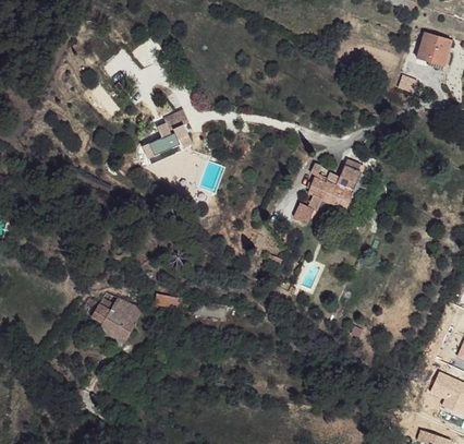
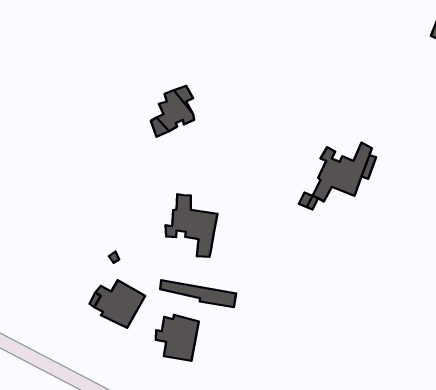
building: none -> [165,194,218,257]
building: none -> [156,315,199,361]

